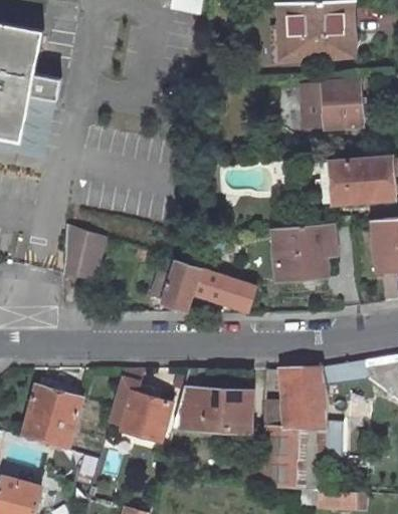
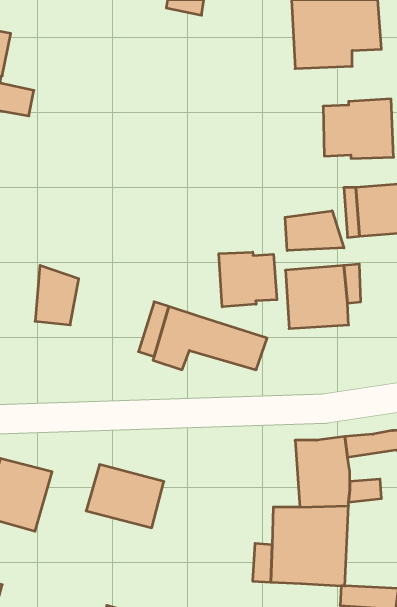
building: none -> [285,211,344,251]
building: none -> [219,252,277,307]
building: [172,370,252,432] -> none

